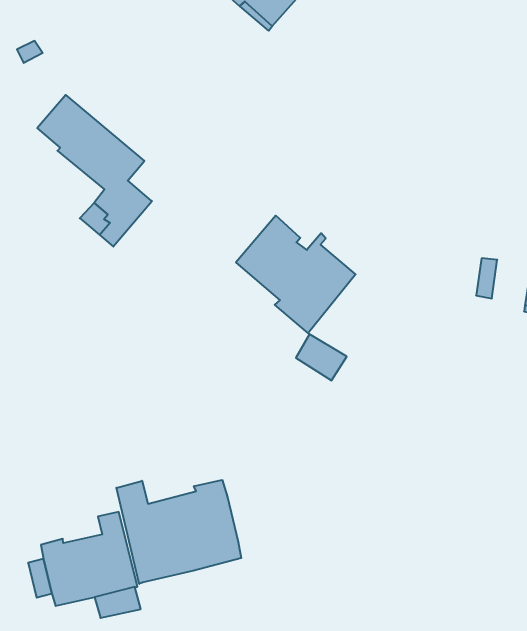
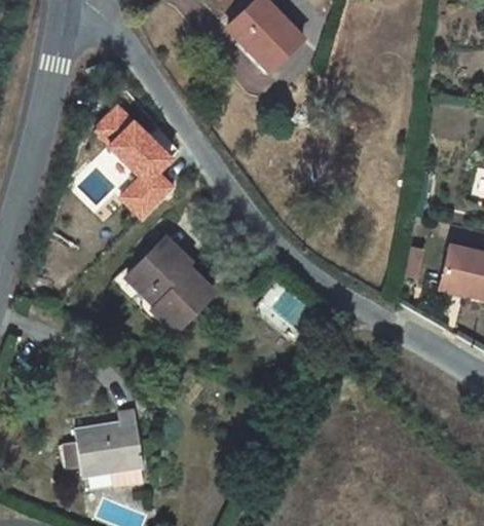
building: [236,216,356,333] -> [126,245,213,332]
building: [116,480,241,584] -> none

